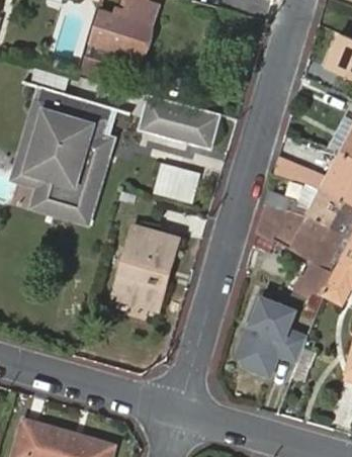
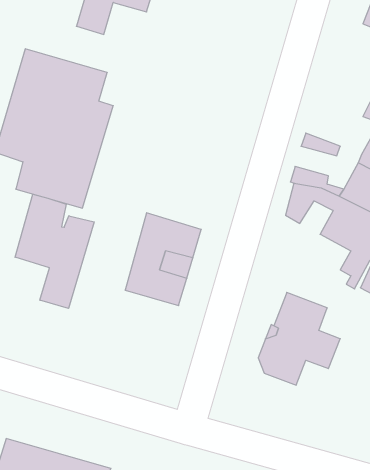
building: [139,95,219,150] -> none
building: [153,162,202,204] -> none
building: none -> [15,194,94,308]

